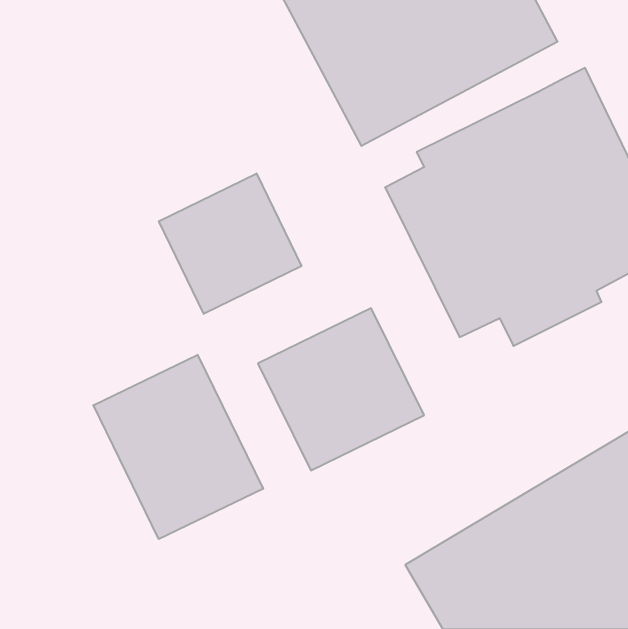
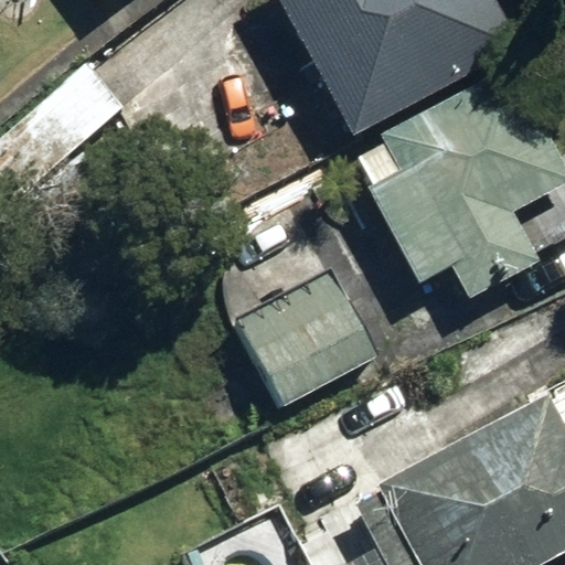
building: [159,173,301,314] -> none
building: [93,355,263,539] -> none

